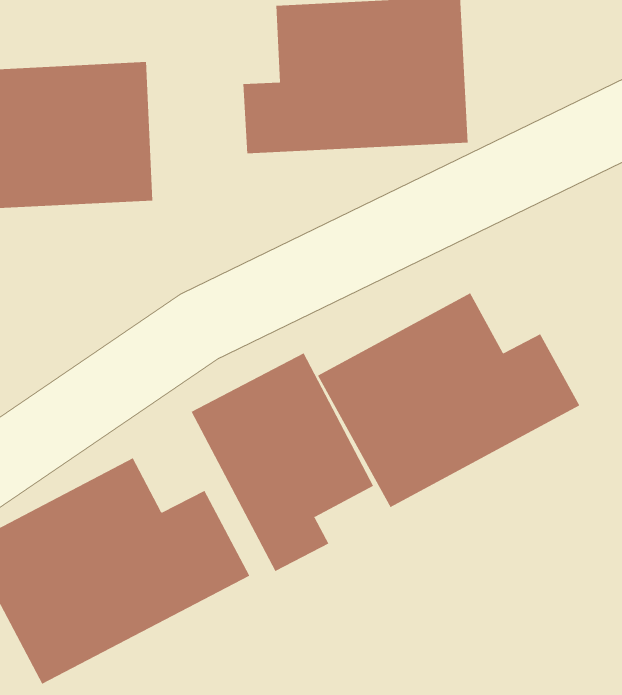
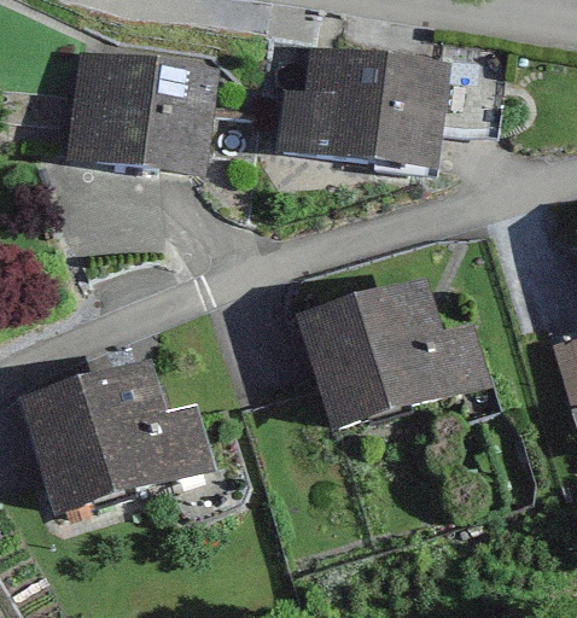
building: [191,352,374,572] -> none

